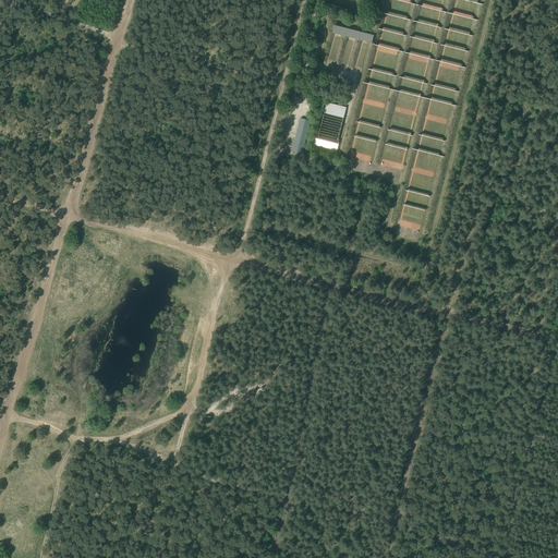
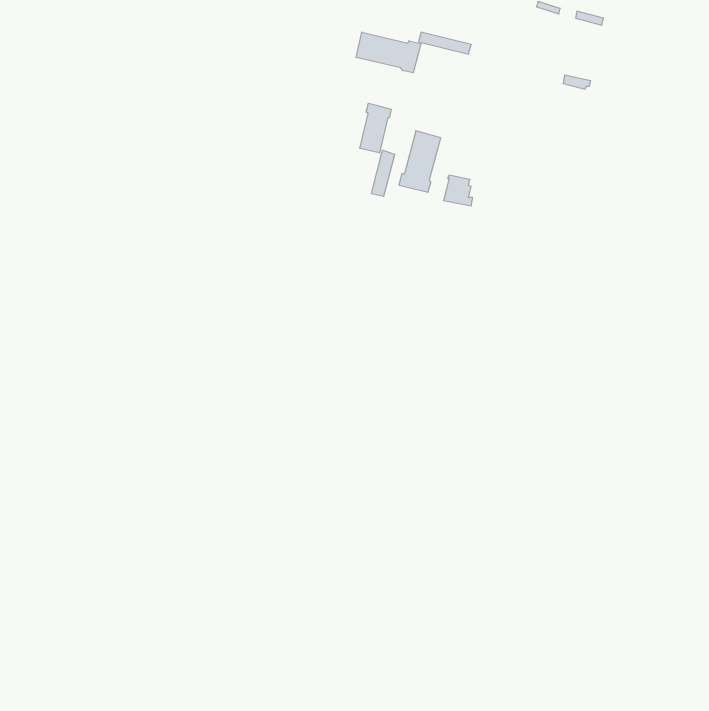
building: none -> [356,32,421,73]
building: none -> [360,103,391,153]

